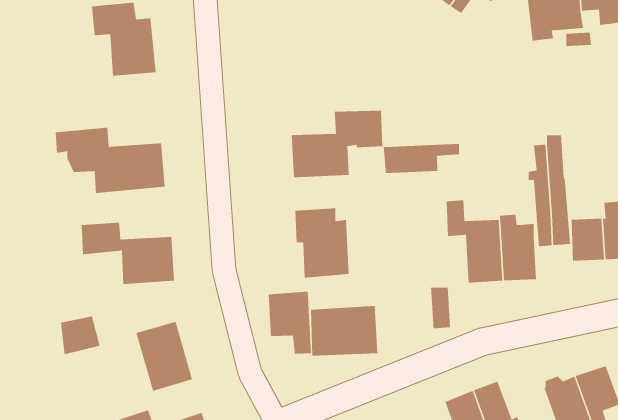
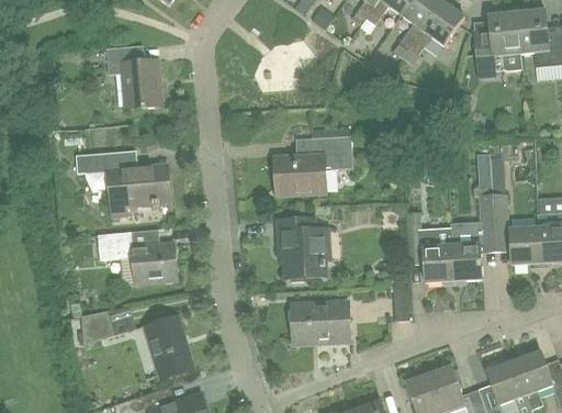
building: [383,143,460,174] -> none
building: [268,291,311,354] -> none

